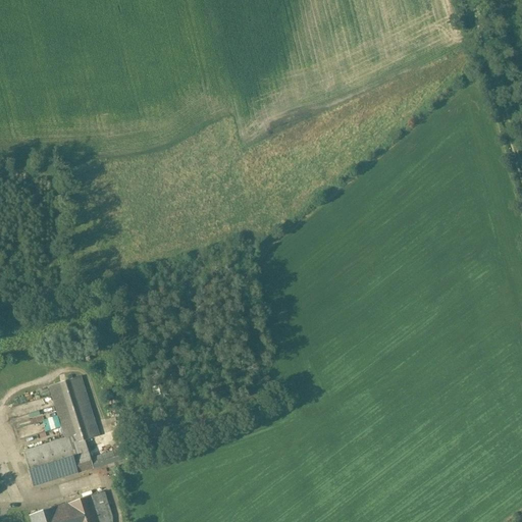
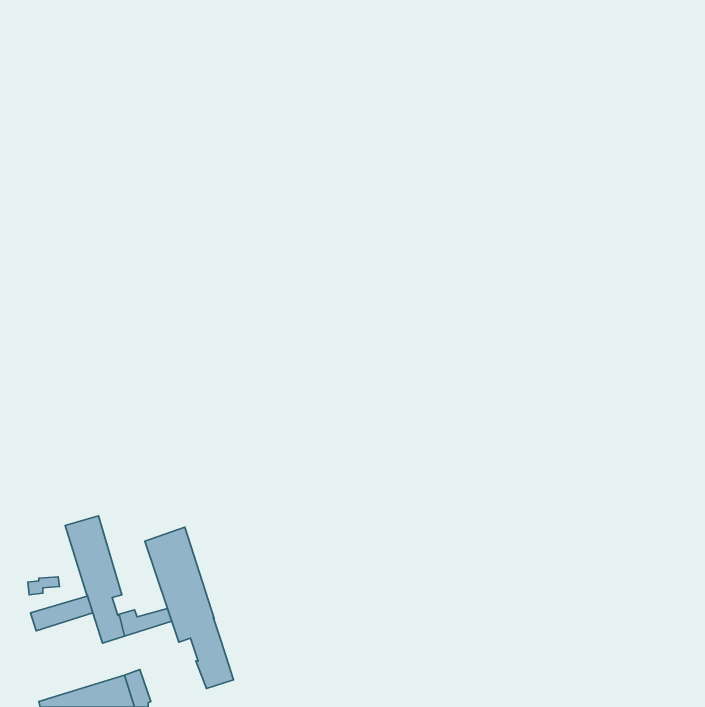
building: none -> [145,527,233,688]
building: [29,451,77,486] -> none

